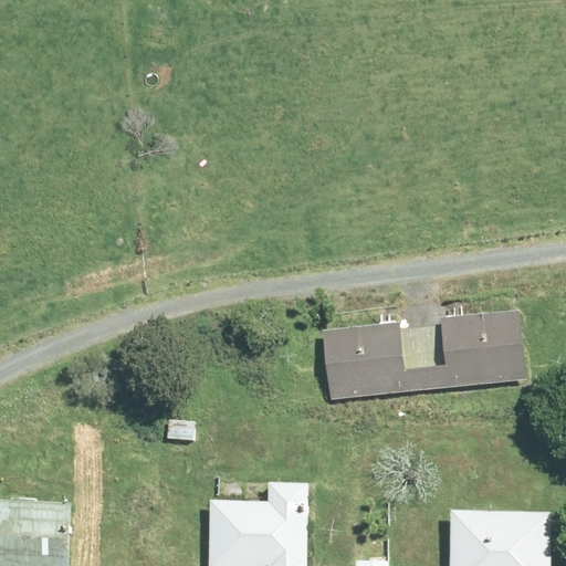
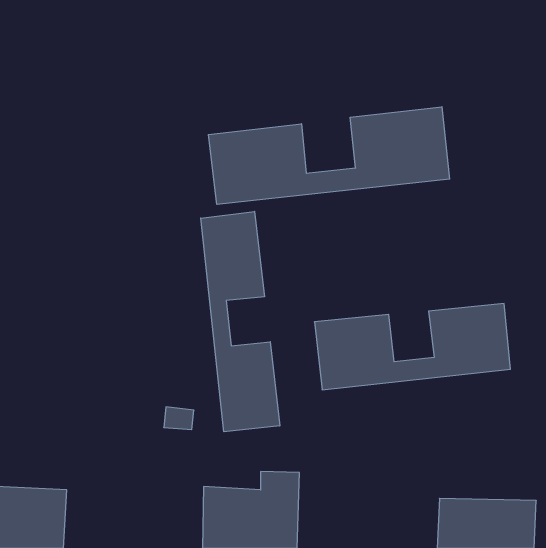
building: none -> [208,107,450,204]
building: none -> [201,211,280,432]

